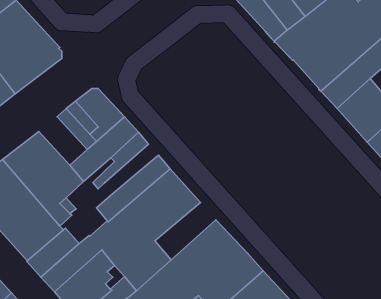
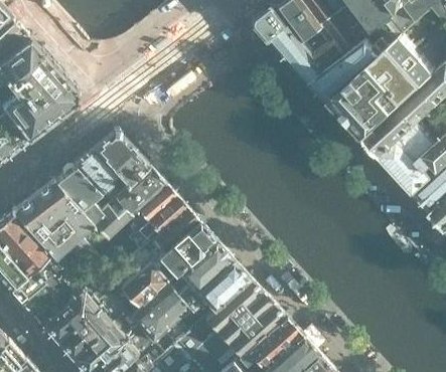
building: none -> [53,164,107,217]
building: none -> [125,194,185,248]
building: none -> [181,258,249,322]

